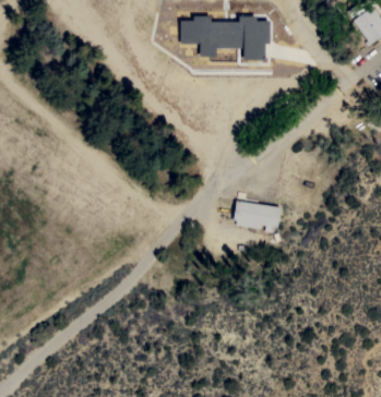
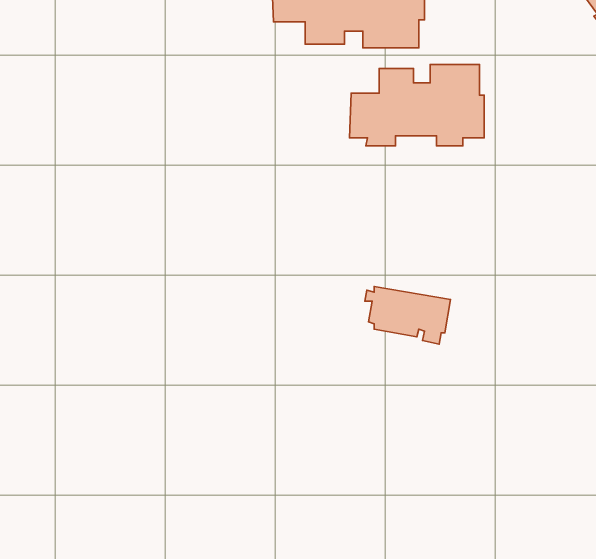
building: none -> [350,65,484,146]

